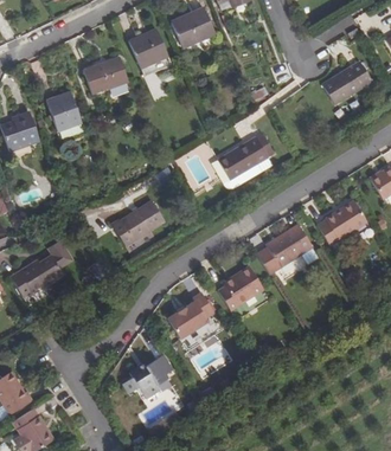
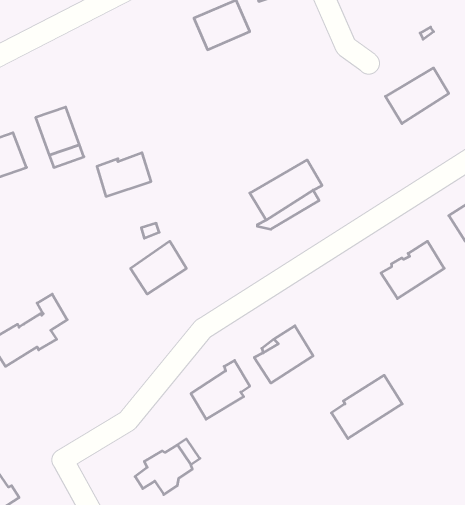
building: [129,30,171,75] -> none
building: [84,58,127,92] -> [97,153,151,196]
building: [257,223,313,272] -> [331,375,402,439]

